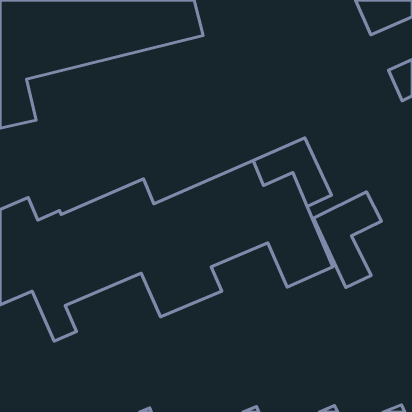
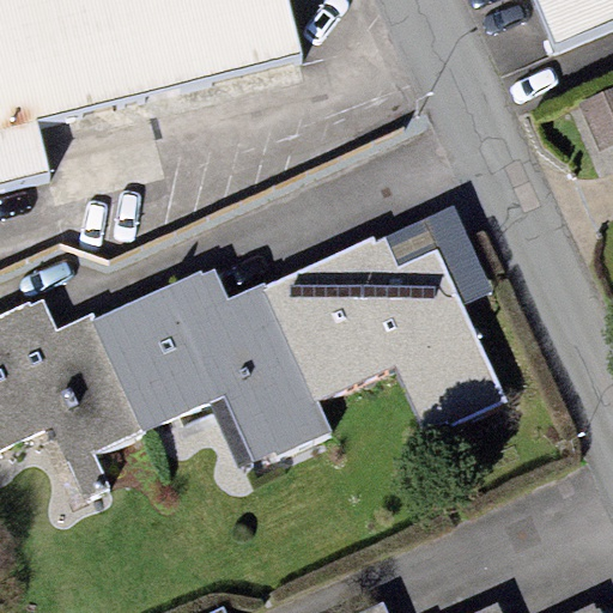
building: [314,192,381,287] -> none

